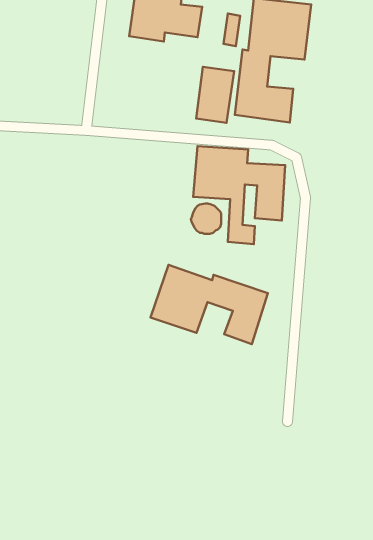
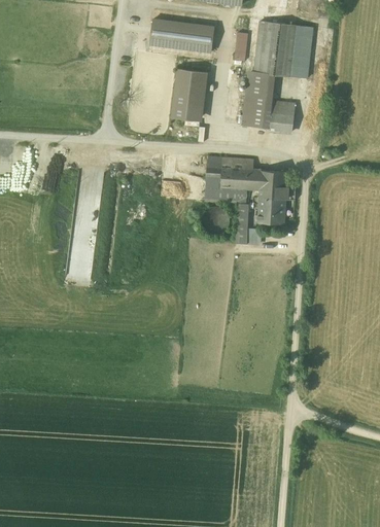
building: [196,67,234,123] -> [171,70,206,121]
building: [151,265,268,344] -> none

